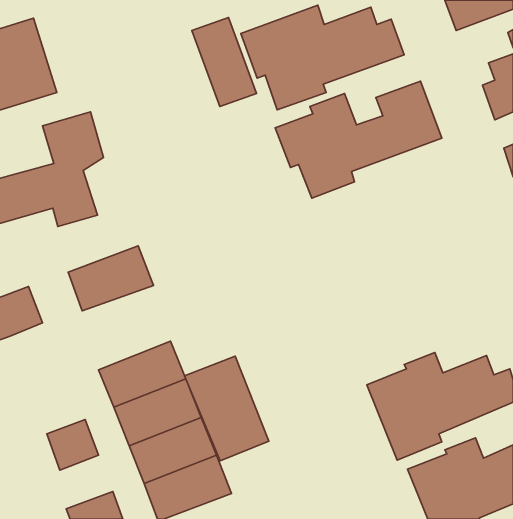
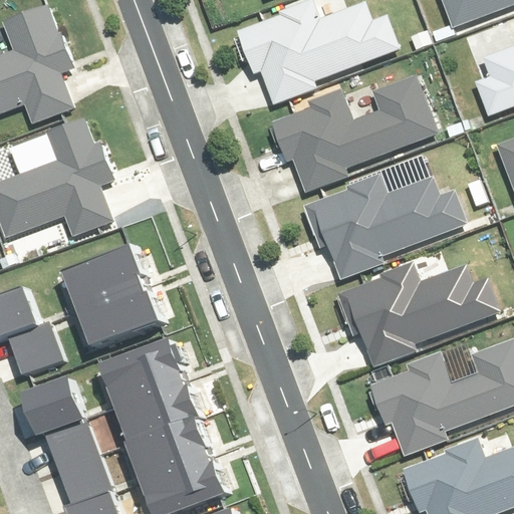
building: [192,17,257,107] -> none
building: none -> [308,175,462,281]
building: none -> [336,259,489,362]
building: none -> [81,282,166,346]
building: none -> [10,315,67,369]
building: [185,356,269,461] -> none
building: none -> [26,376,84,431]
building: none -> [59,450,111,500]

